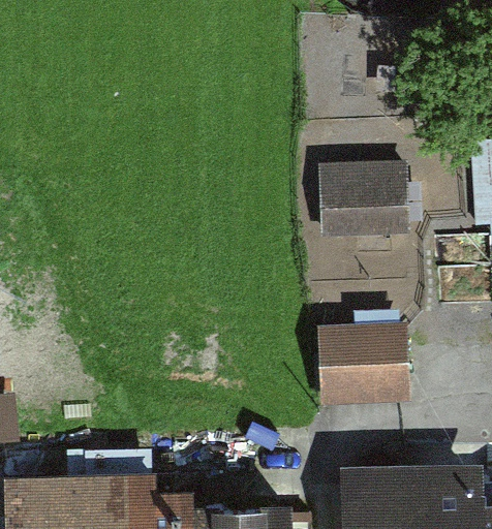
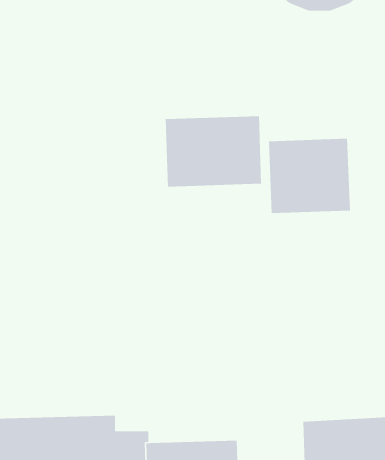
building: none -> [165,115,261,187]
building: [322,324,407,404] -> none

